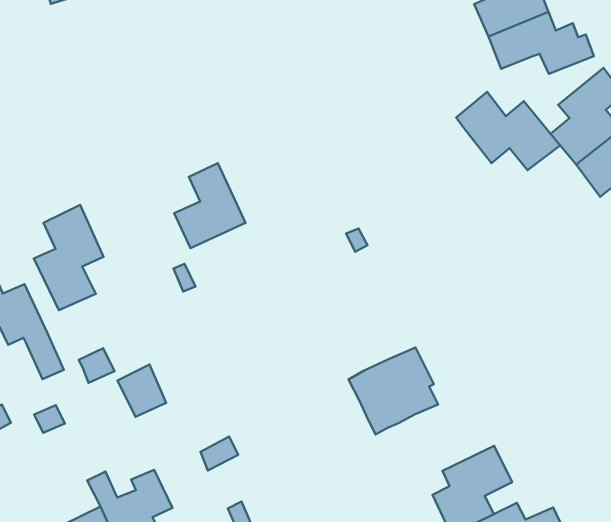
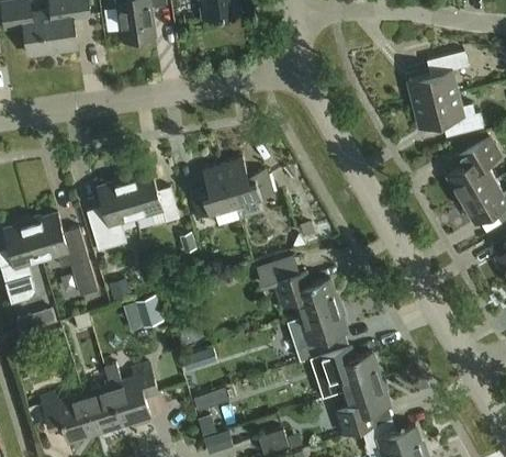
building: [456,92,560,170] -> none
building: none -> [221,159,292,212]
building: none -> [124,172,179,225]
building: none -> [257,256,337,319]
building: none -> [311,347,381,400]

